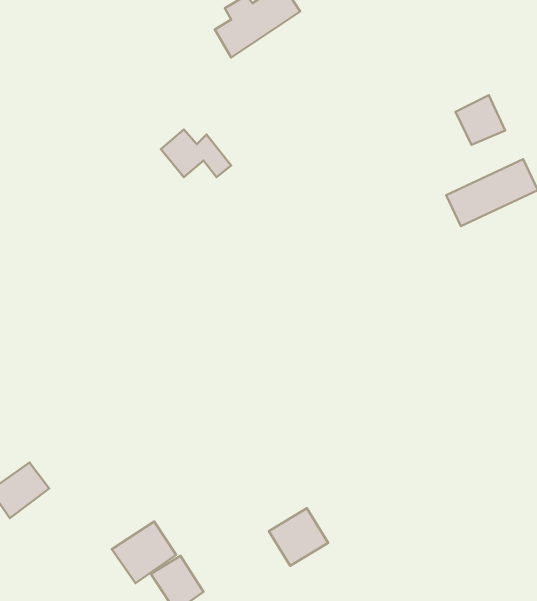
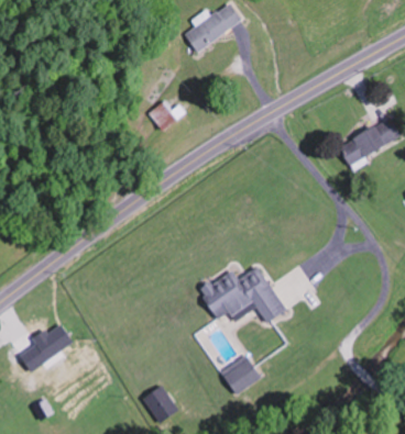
building: [455,95,505,145] -> none
building: none -> [199,266,284,322]
building: [112,521,176,583] -> none

